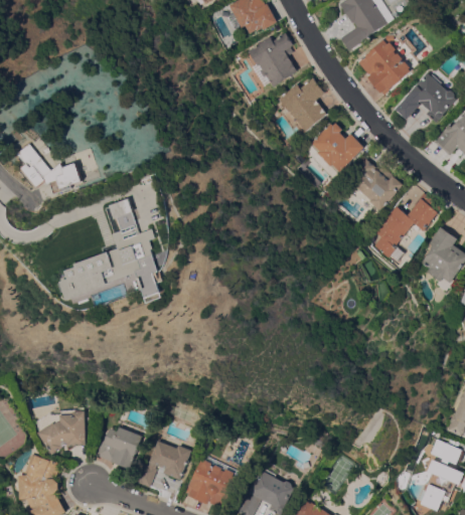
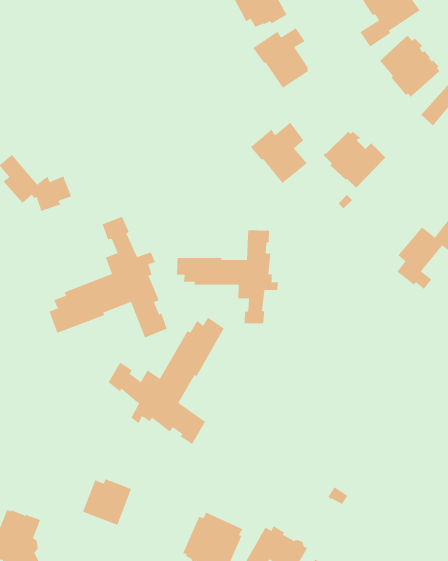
building: [277,77,327,132] -> [250,122,308,184]
building: [346,158,403,211] -> none
building: none -> [177,230,278,324]
building: none -> [108,317,225,445]
building: [35,409,86,455] -> none
building: [134,433,191,487] -> none

